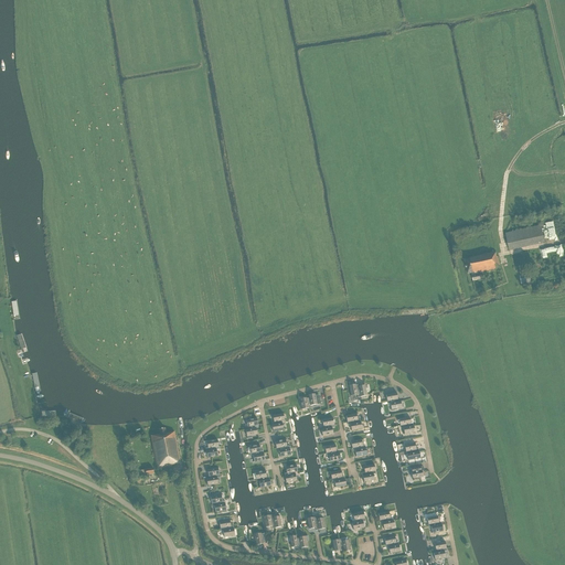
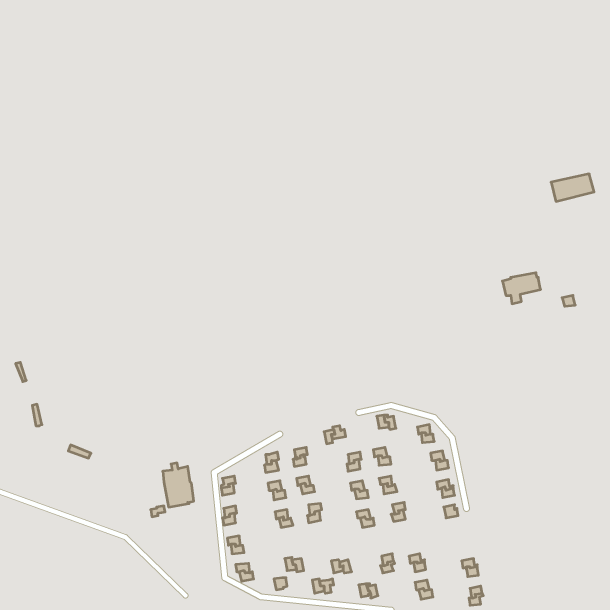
building: [504,224,544,249] -> [551,174,594,201]

